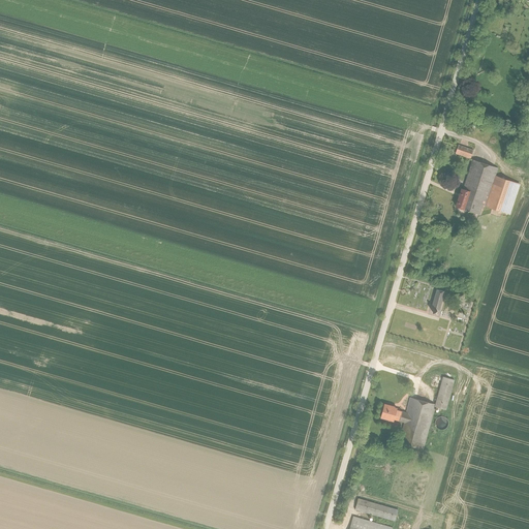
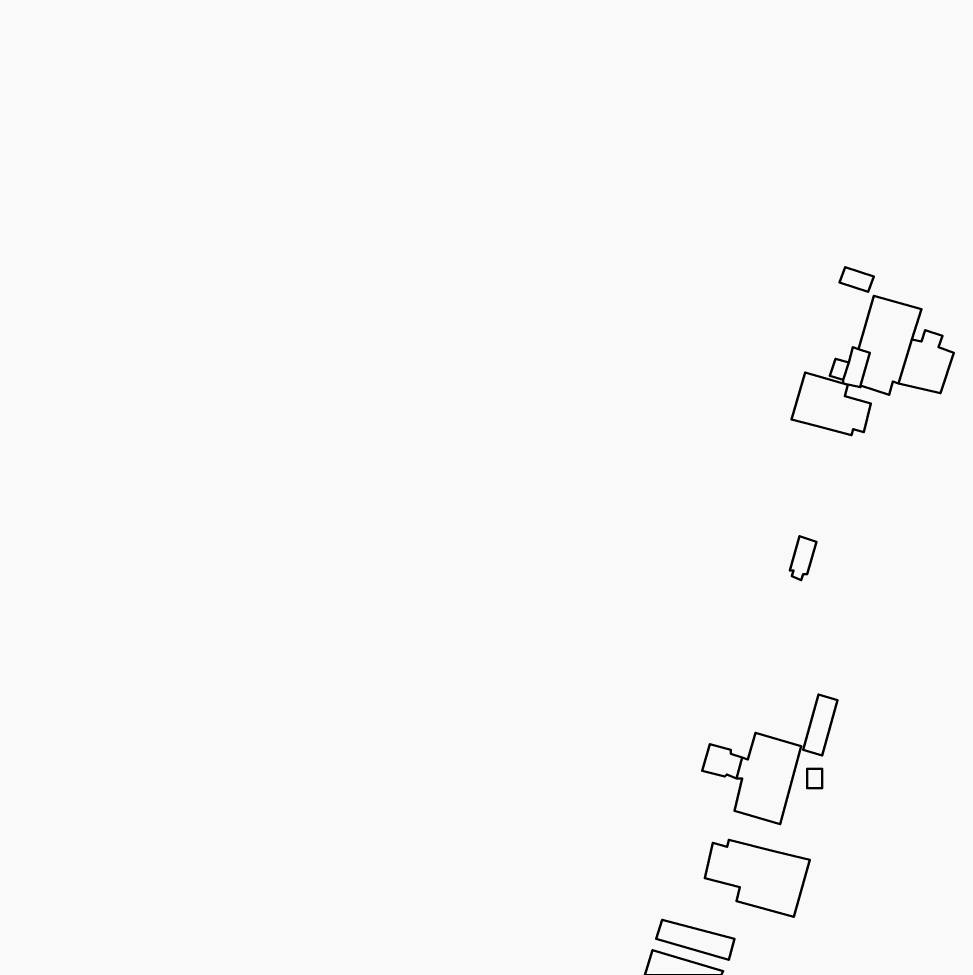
building: none -> [791,373,871,435]
building: none -> [705,840,810,917]

